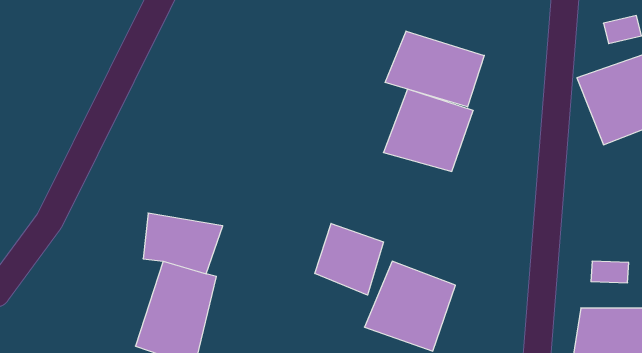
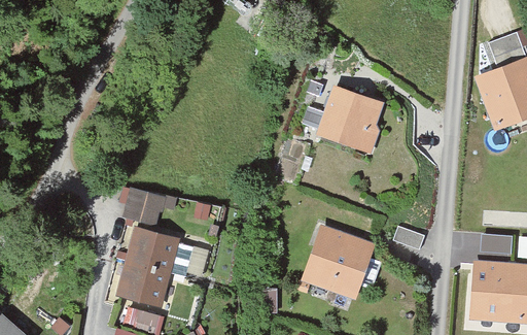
building: [385,31,484,107] -> none
building: [315,223,384,295] -> none

